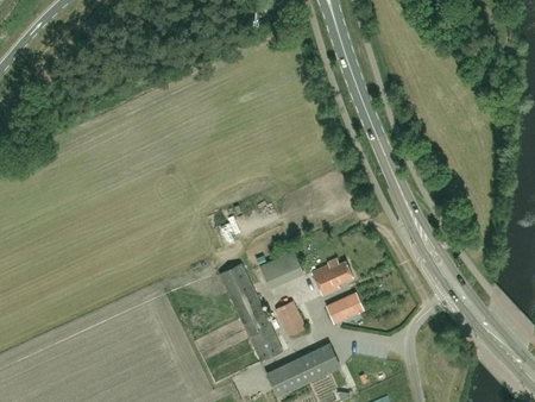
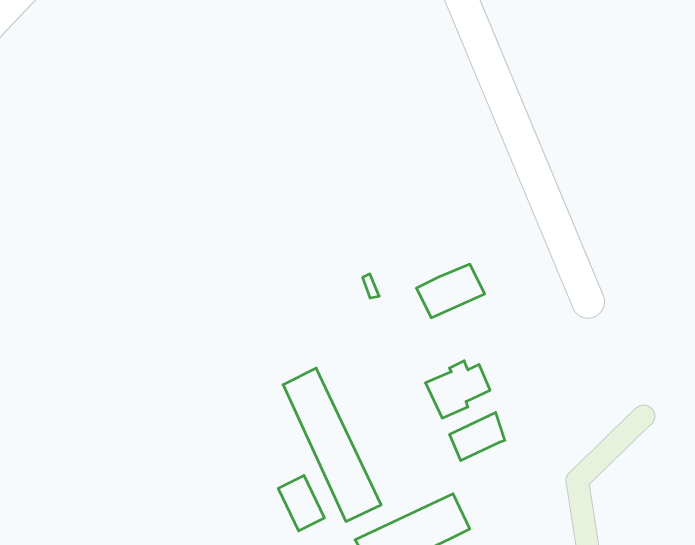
building: [259,251,303,285] -> [416,264,485,318]
building: [276,301,306,337] -> [278,475,324,531]

